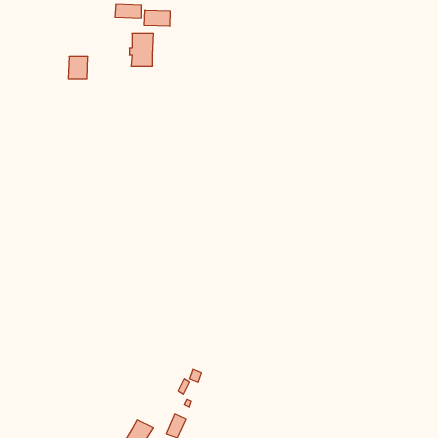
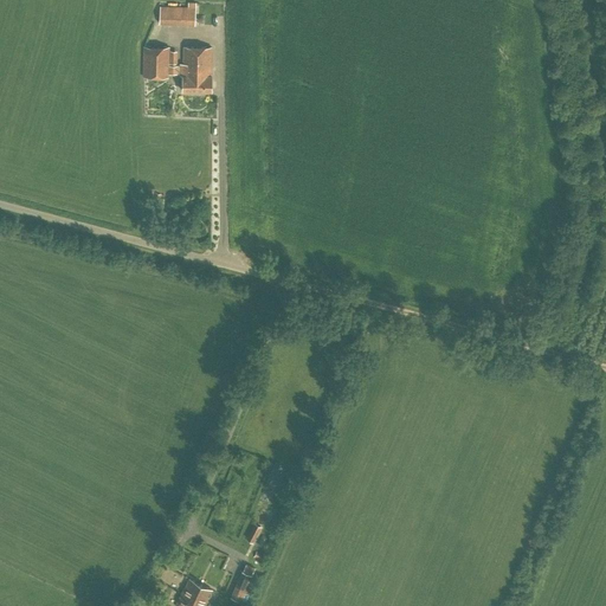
building: [144,10,170,26] -> none
building: [68,57,88,79] -> [142,47,169,78]

